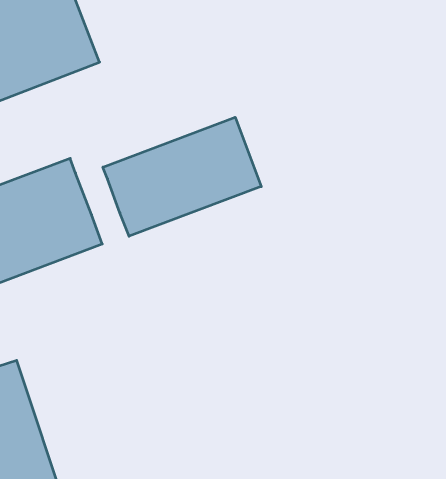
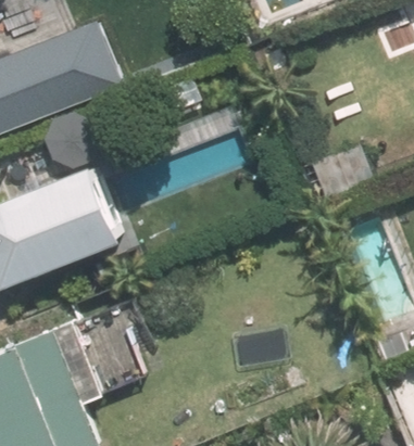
building: [103,117,261,236] -> none

